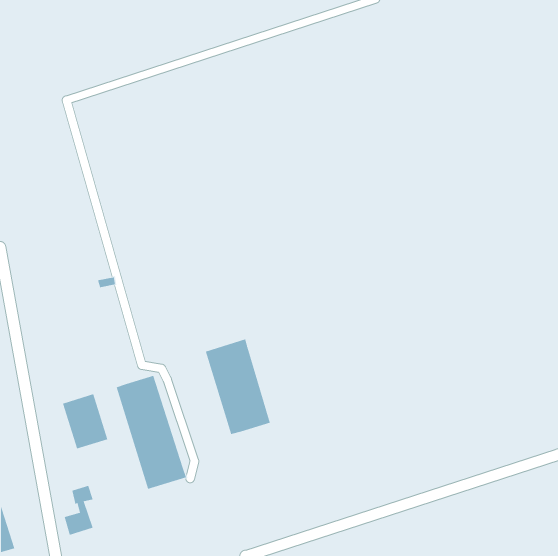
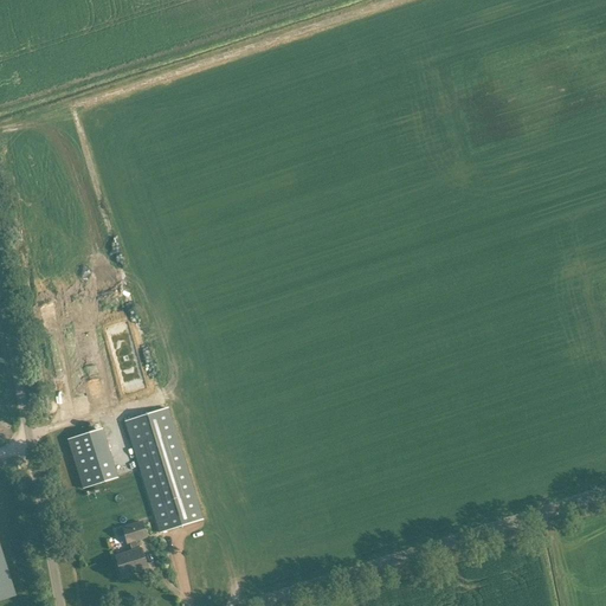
building: [205,339,270,435] -> none
building: [64,485,93,535] -> [115,521,147,575]

